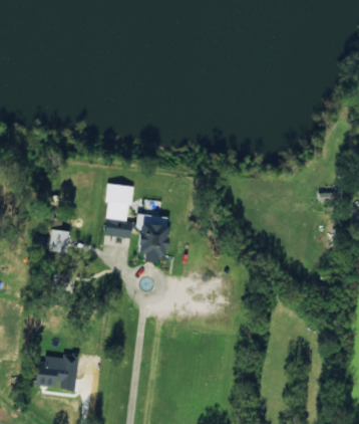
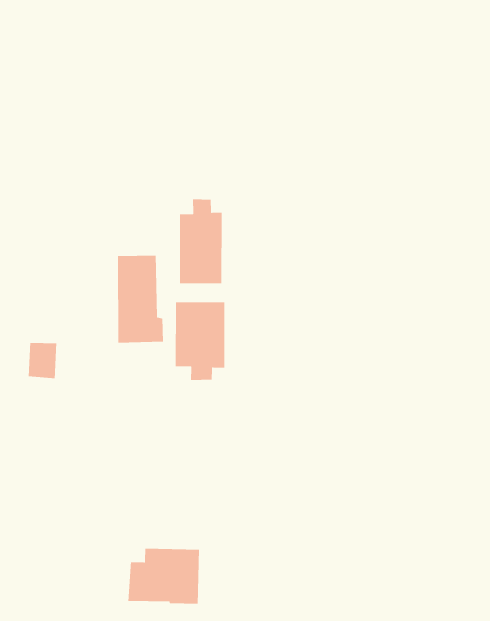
building: none -> [179,199,222,284]
building: [33,354,78,390] -> [128,548,200,604]

